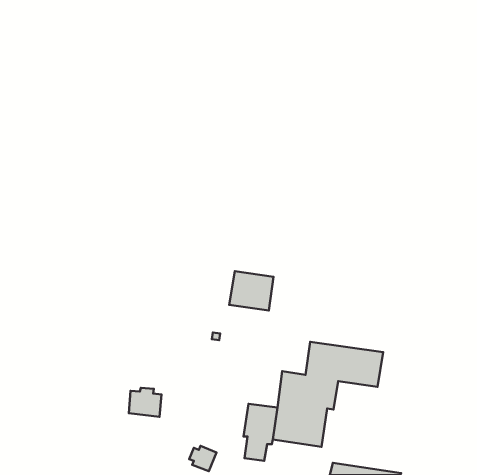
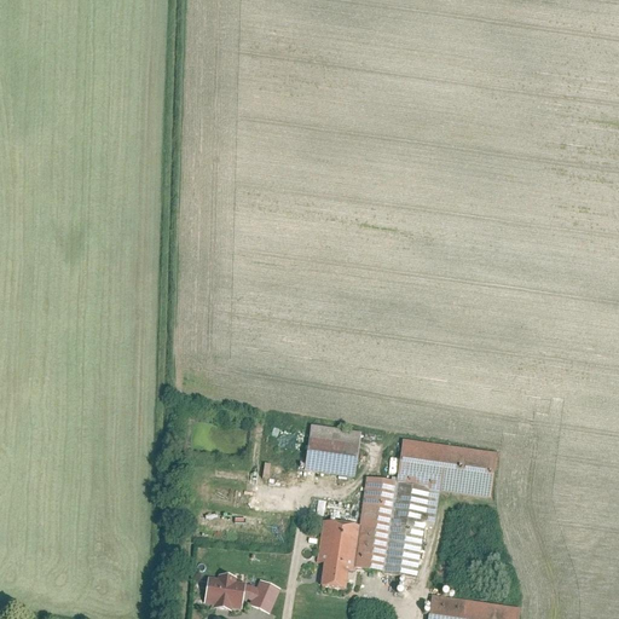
building: [229,271,273,310] -> [303,428,360,479]
building: [129,388,161,417] -> [206,568,248,606]

